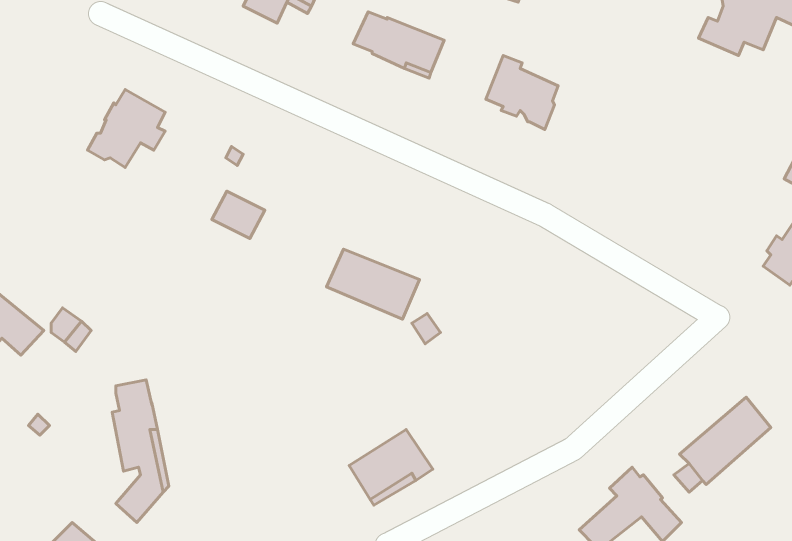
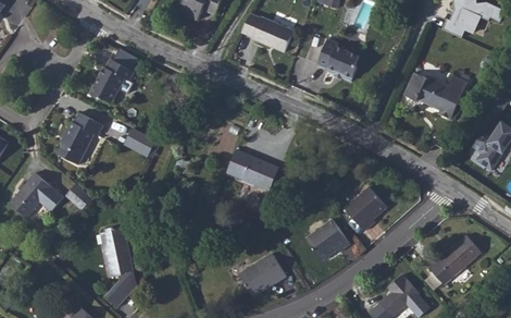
building: none -> [404,72,470,119]
building: none -> [57,111,103,164]
building: [212,191,265,239] -> [125,127,155,155]
building: none -> [345,185,387,230]
building: none -> [307,219,350,259]

